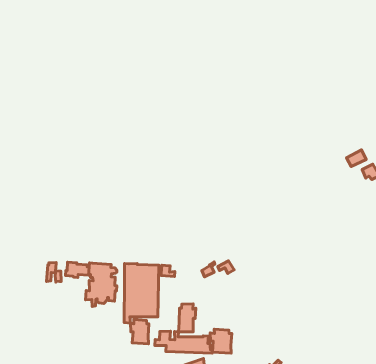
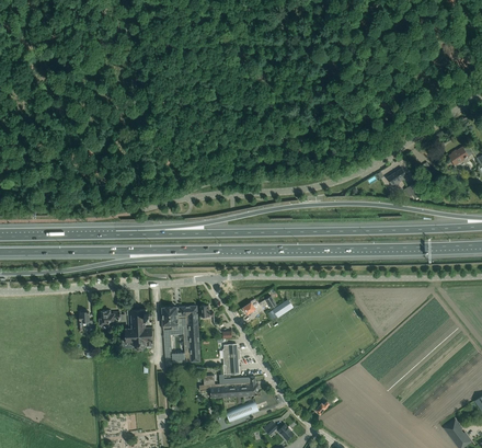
building: [131,320,149,344] -> none
building: [210,329,232,353] -> none

